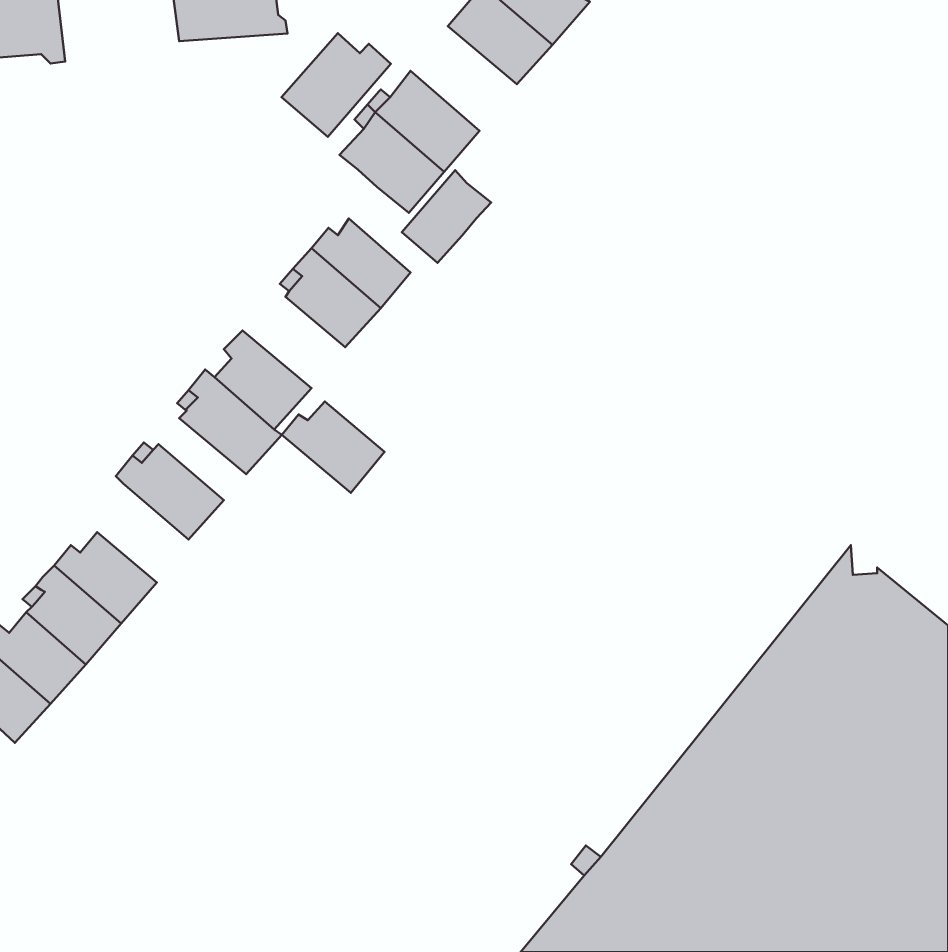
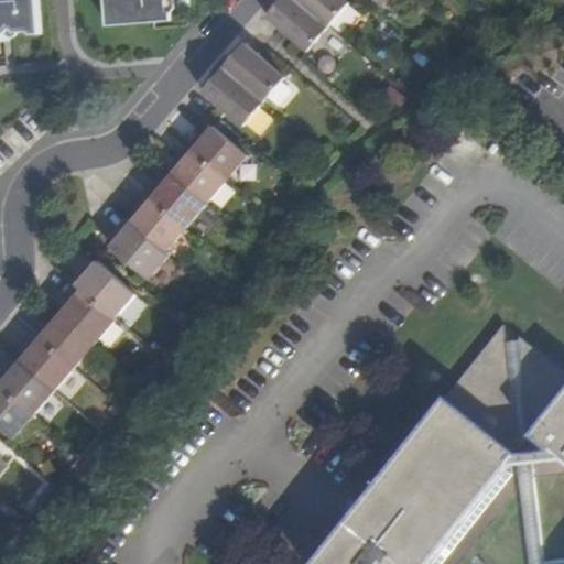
building: [282,33,391,137] -> none
building: [402,170,491,263] -> none
building: [282,401,384,493] -> [143,175,204,229]
building: none -> [57,285,113,344]

